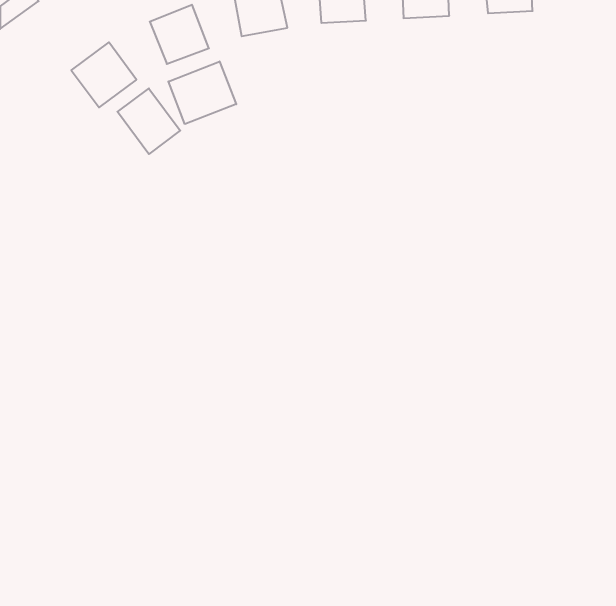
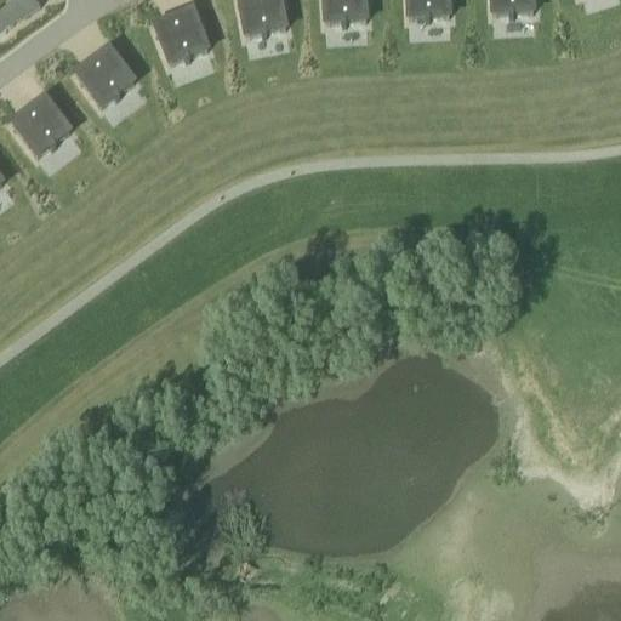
building: [168,61,236,124] -> none
building: [117,88,180,154] -> none
building: none -> [10,92,74,156]

